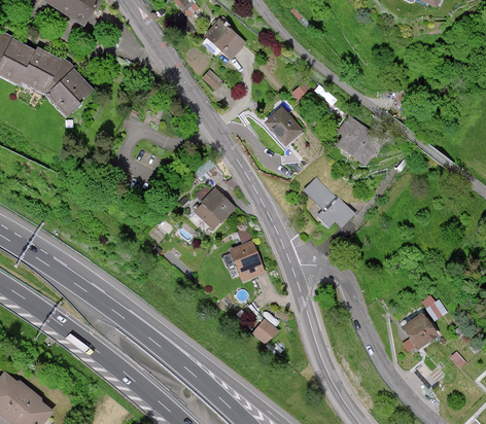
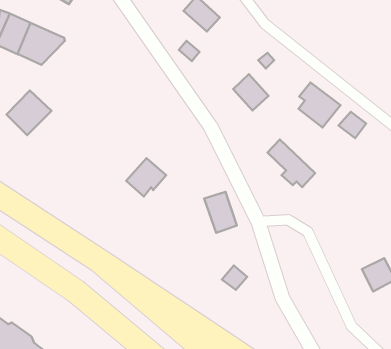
building: [50,69,100,118] -> [7,90,51,135]
building: none -> [338,112,366,138]
building: [194,189,238,232] -> [126,158,166,197]

